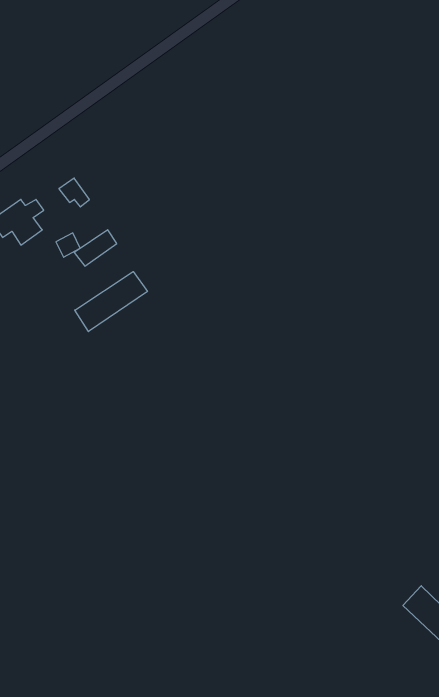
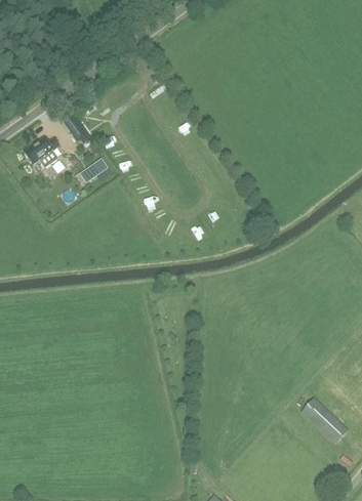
building: [75,272,147,332] -> none

